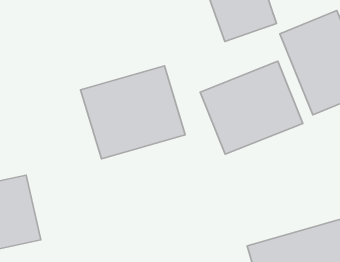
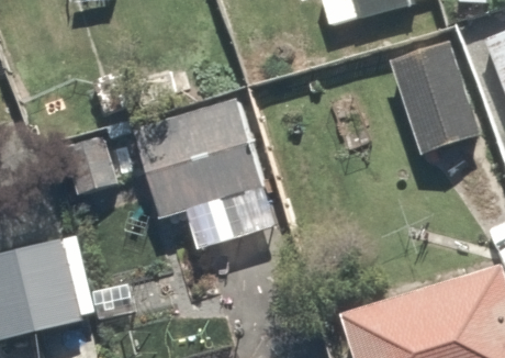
building: [200,61,303,154] -> none

